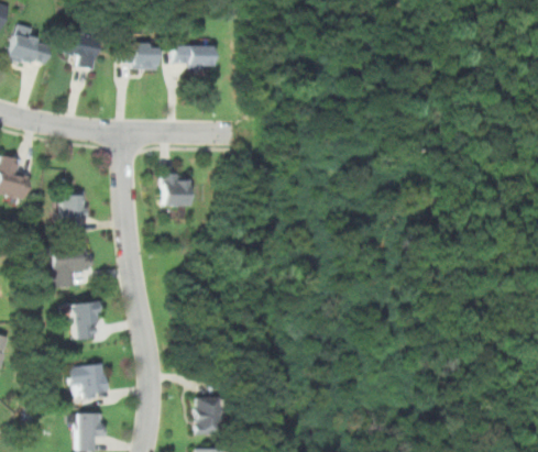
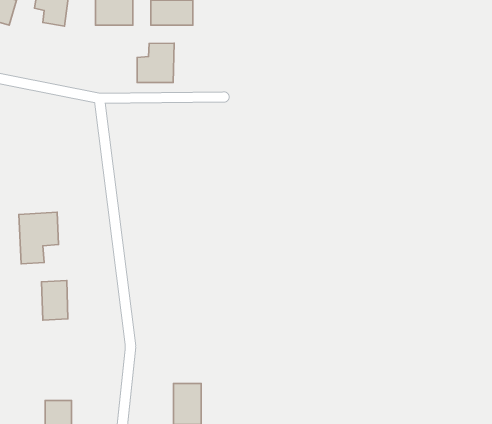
building: none -> [137,43,174,82]
building: [164,173,188,206] -> none
building: [63,191,86,225] -> none
building: [72,363,109,400] -> none

